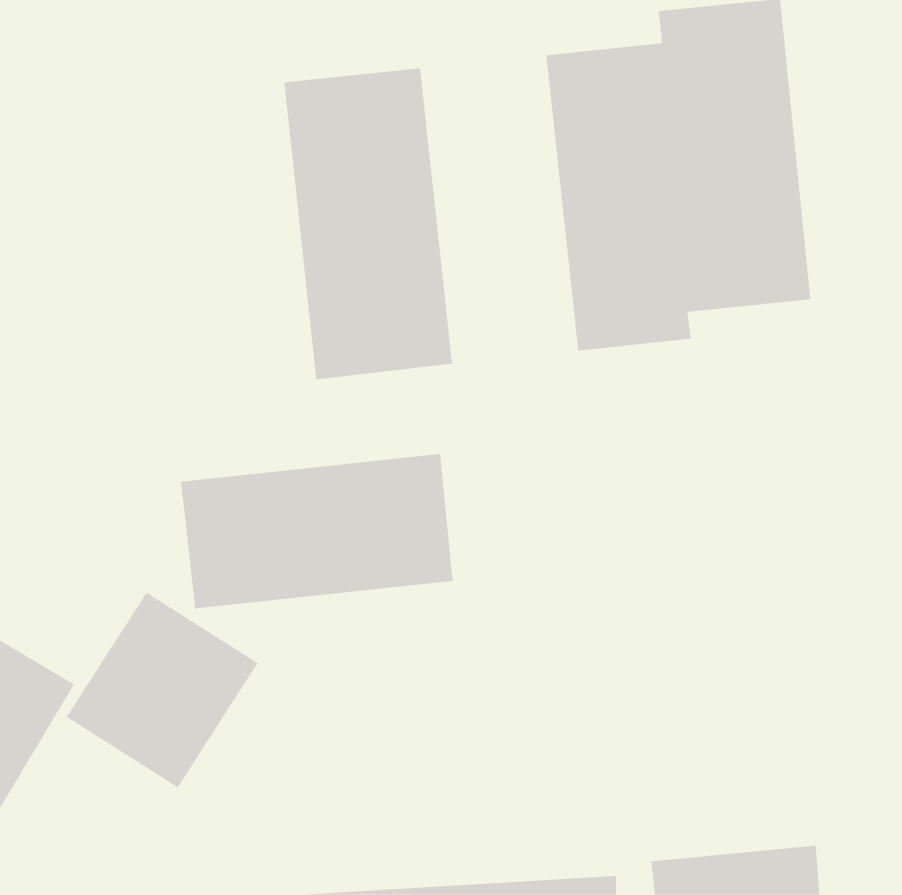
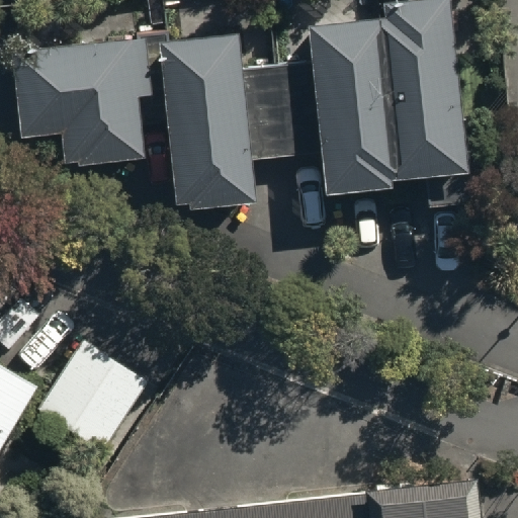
building: none -> [13,40,151,170]
building: [181,453,453,609] -> none

